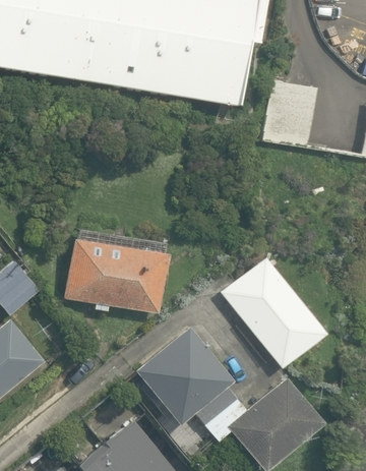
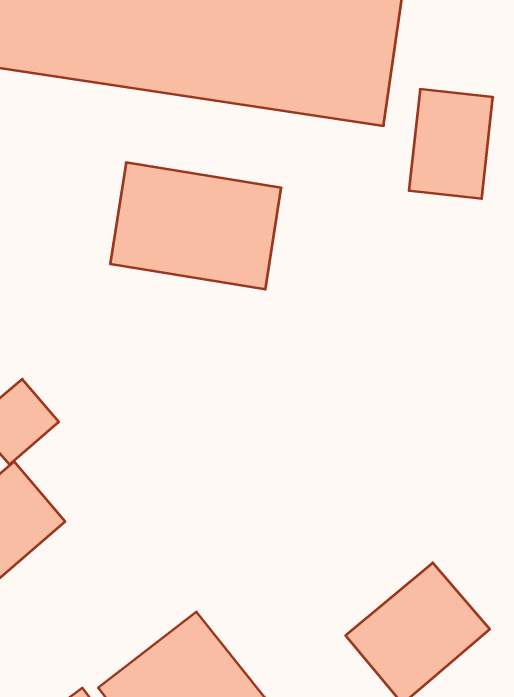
building: [59,234,169,315] -> [110,163,281,289]
building: [218,254,325,372] -> none
building: [139,323,244,433] -> none

